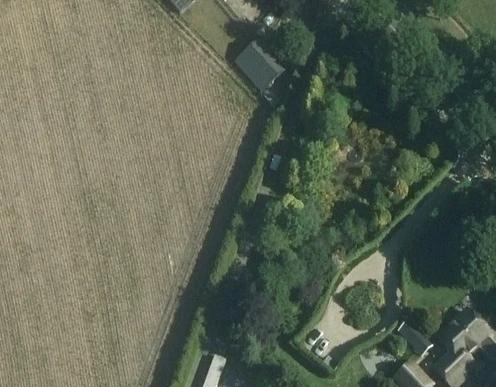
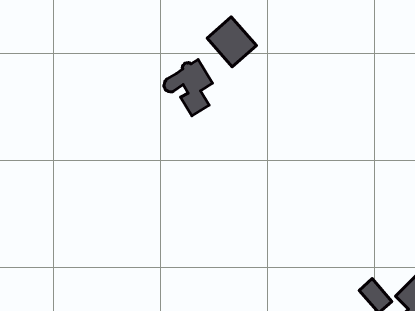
building: none -> [164,60,212,116]

